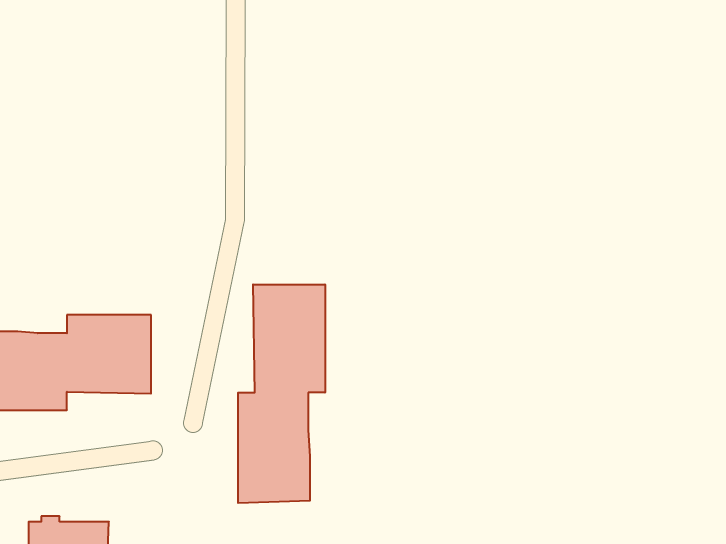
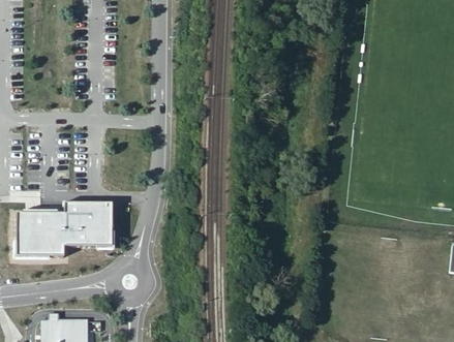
building: [238,284,325,503] -> none

